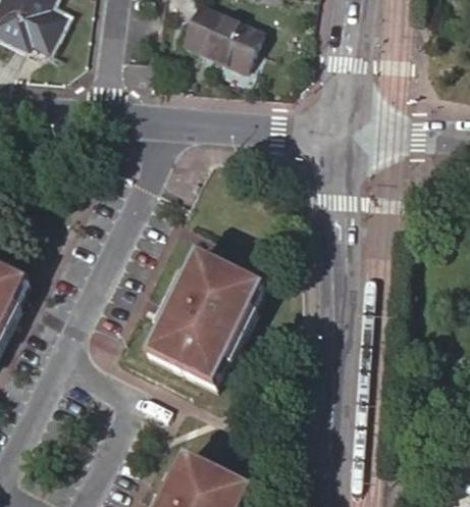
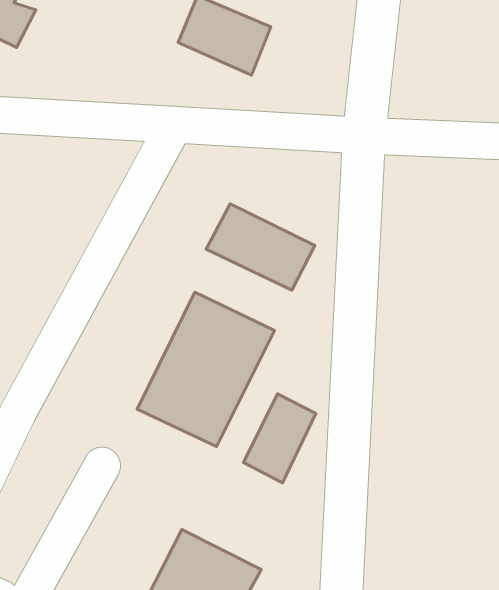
building: none -> [206,204,315,290]
building: none -> [244,394,316,483]

